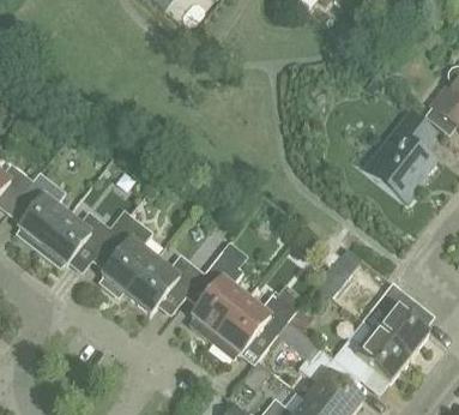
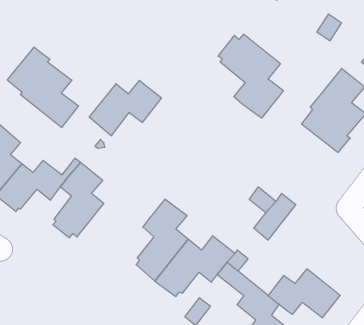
building: none -> [218,34,283,118]
building: none -> [7,47,79,127]
building: [125,254,203,314] -> [89,80,161,136]
building: [361,282,429,357] -> none

